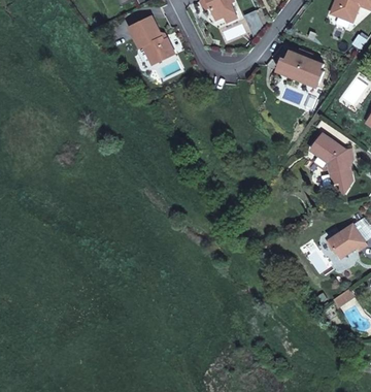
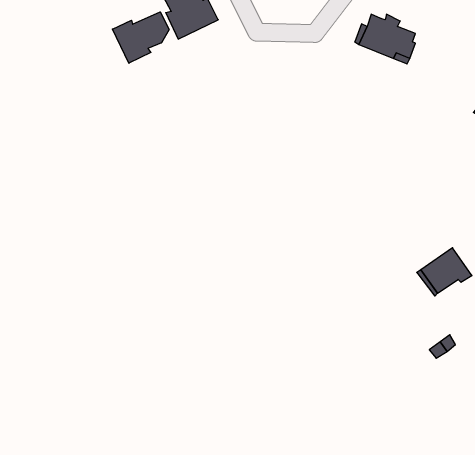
building: none -> [112,12,169,63]
building: [310,136,352,196] -> none

